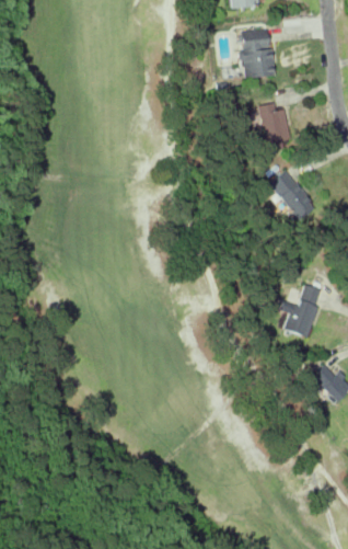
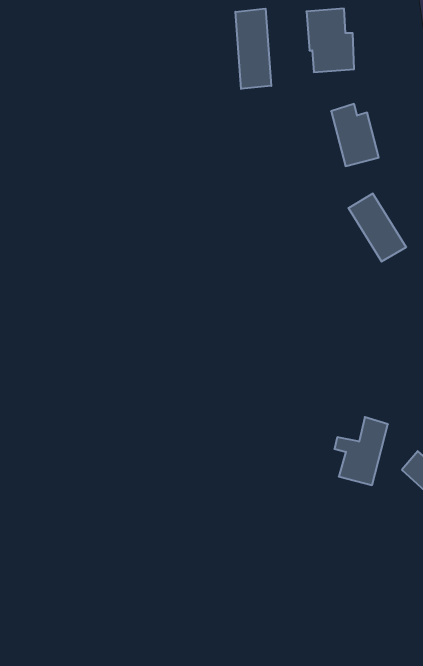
building: none -> [235,9,271,89]
building: [280,285,321,336] -> [334,417,388,485]

